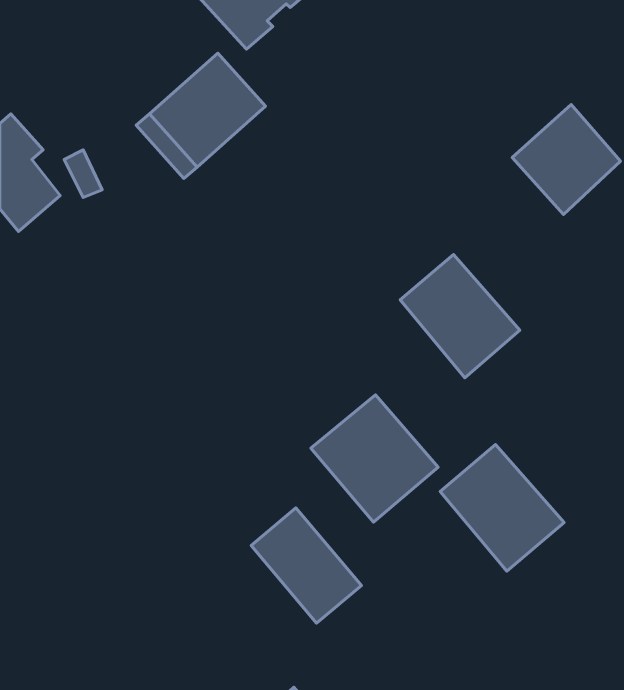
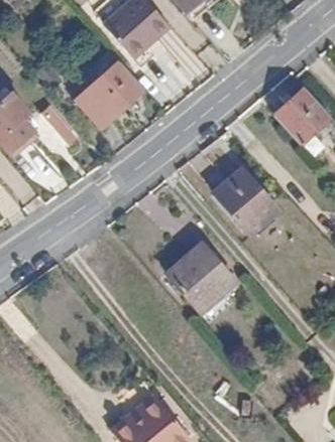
building: [440,444,564,571] -> none
building: [251,508,361,623] -> none

